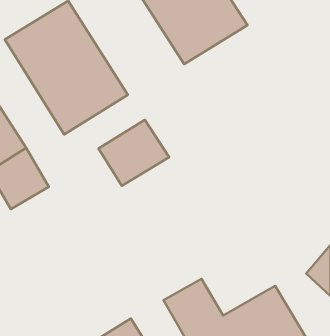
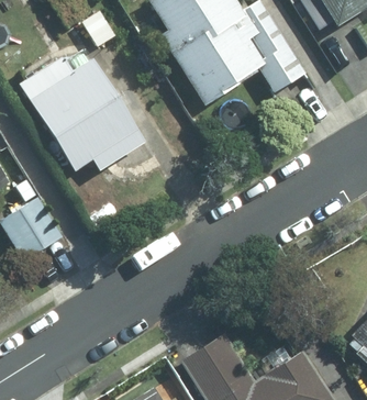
building: [99,120,169,186] -> none

